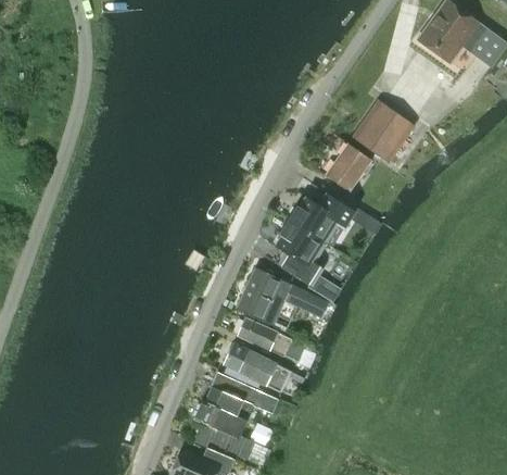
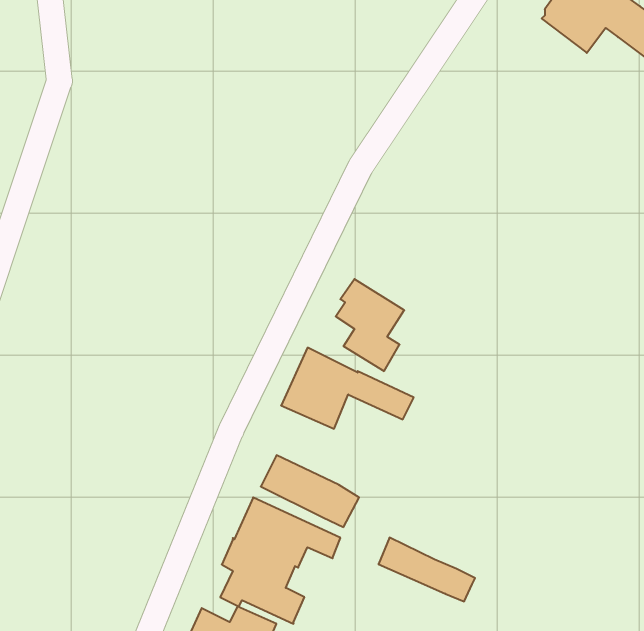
building: [354,101,415,161] -> none
building: [326,142,372,191] -> none
building: [289,192,355,247] -> none
building: [239,317,306,362] -> [378,538,475,601]

